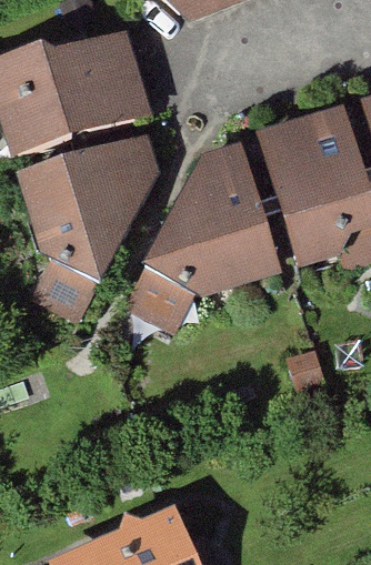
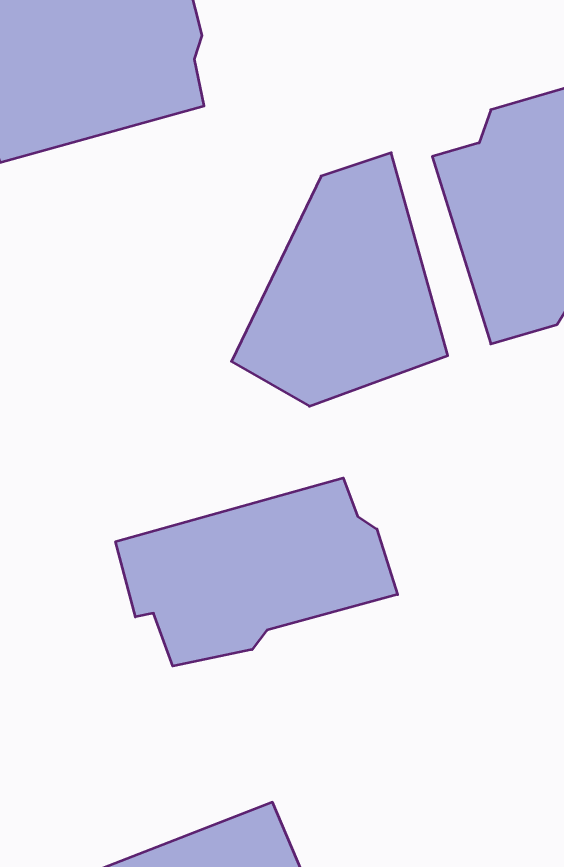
building: [23,137,153,282] -> none
building: none -> [116,478,398,666]

